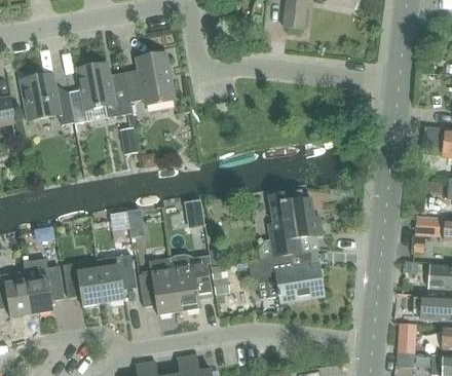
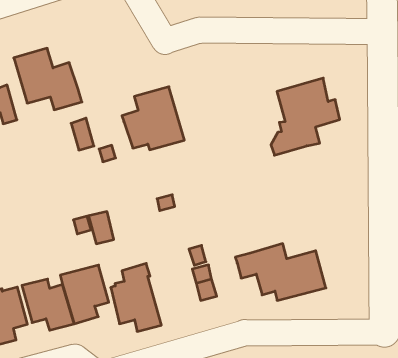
building: [123,52,175,105] -> [122,87,184,150]
building: [260,197,322,259] -> [271,78,340,155]
building: [172,255,212,312] -> none

